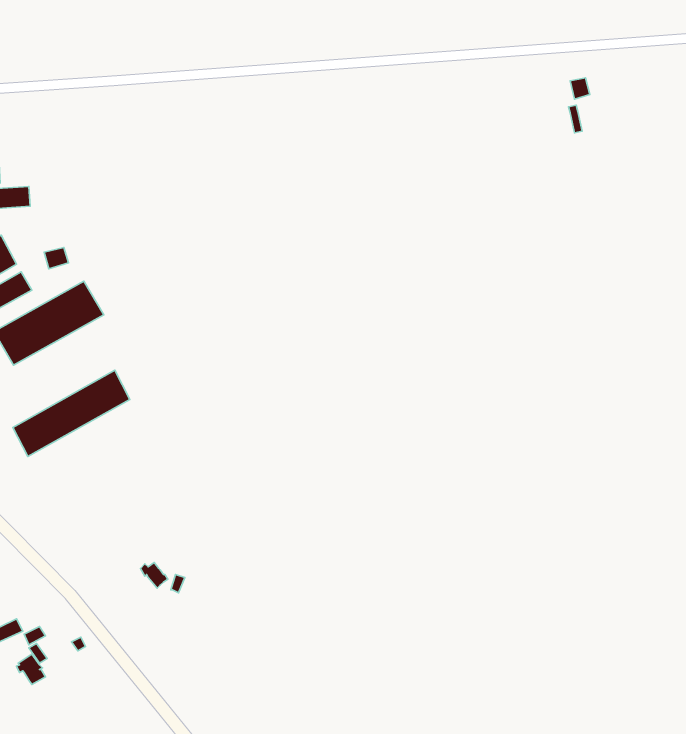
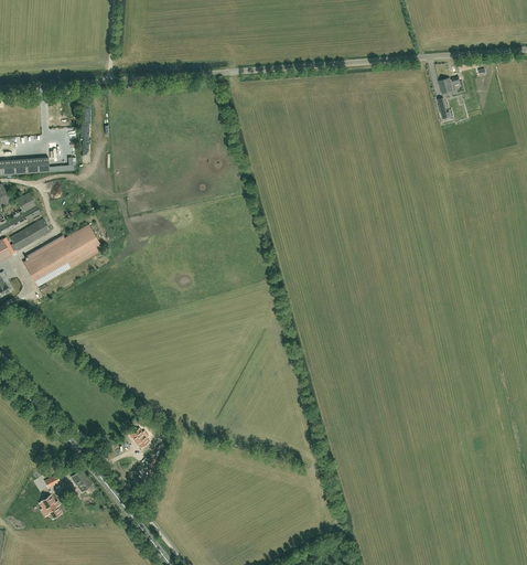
building: [13,370,130,457] -> none

